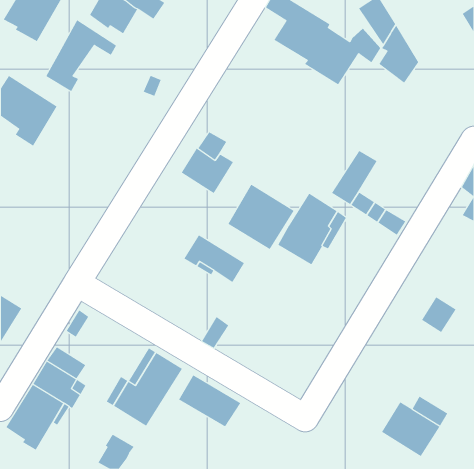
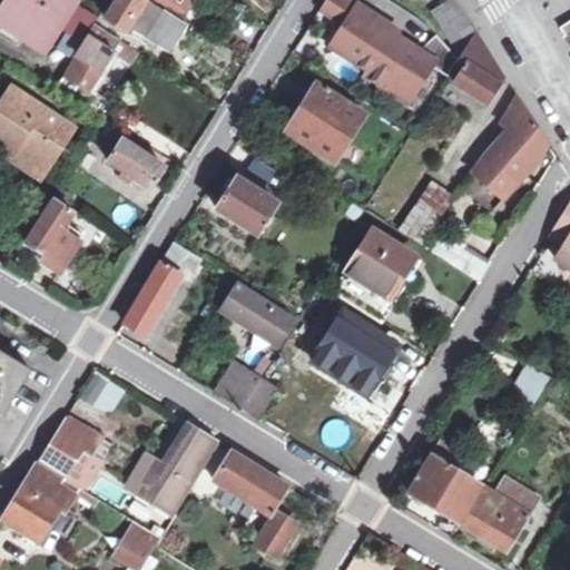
building: none -> [287,87,361,161]
building: none -> [470,92,547,196]
building: none -> [106,139,161,188]
building: none -> [28,200,77,269]
building: [228,184,294,250] -> [315,313,395,392]
building: none -> [124,243,202,335]
building: none -> [215,364,259,410]
building: none -> [410,440,480,519]
building: none -> [256,510,299,556]

